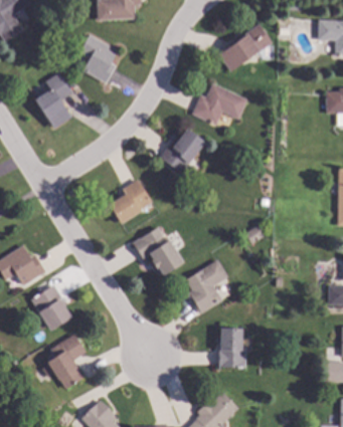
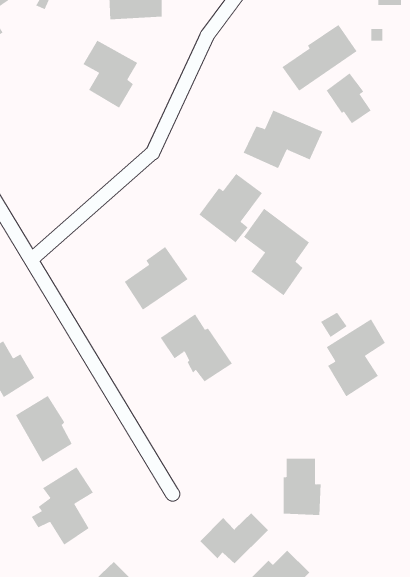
building: none -> [326,73,372,124]
building: [35,71,72,129] -> none
building: none -> [243,208,310,296]
building: [186,259,228,314] -> [326,318,386,397]
building: none -> [200,512,269,564]

